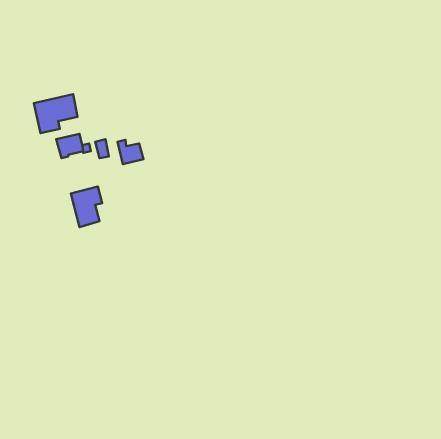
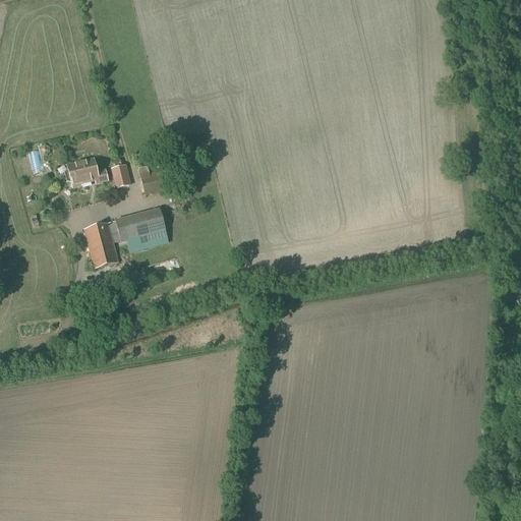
building: [34,94,77,133] -> none
building: none -> [115,208,168,250]

